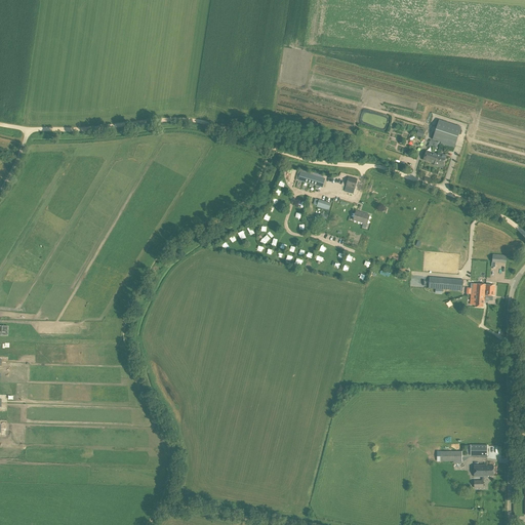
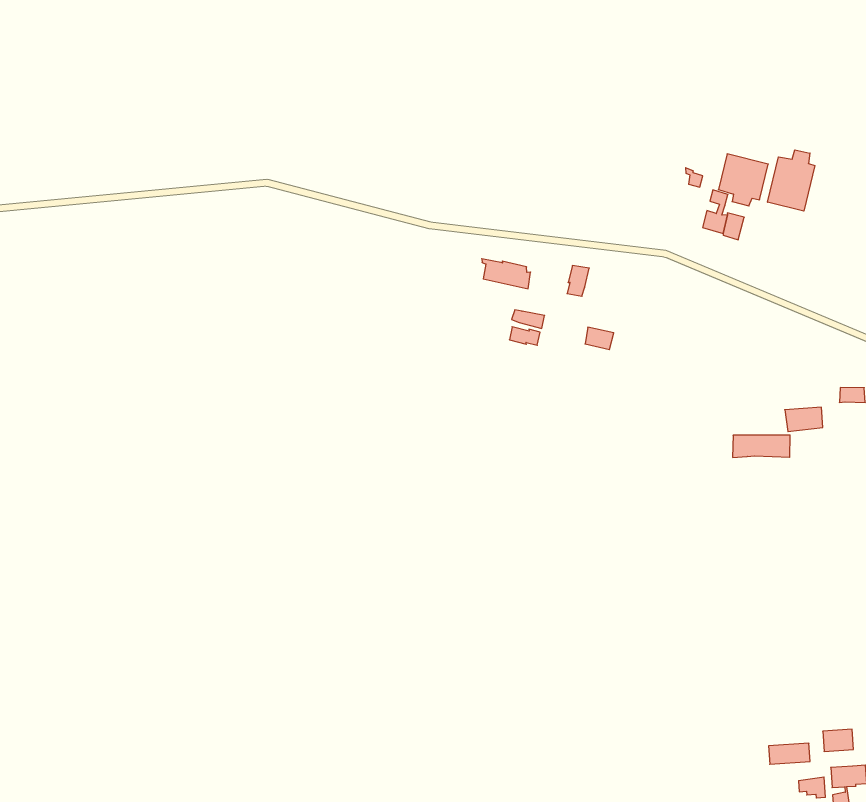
building: none -> [768,150,815,211]
building: [466,283,493,307] -> none

